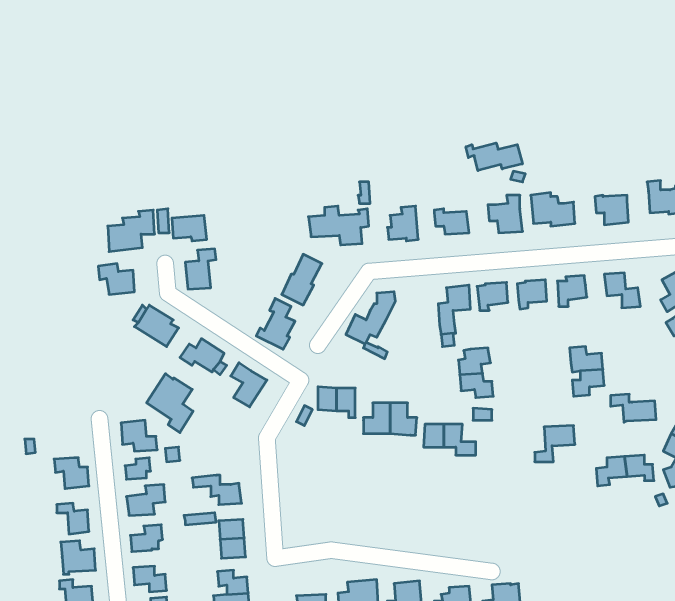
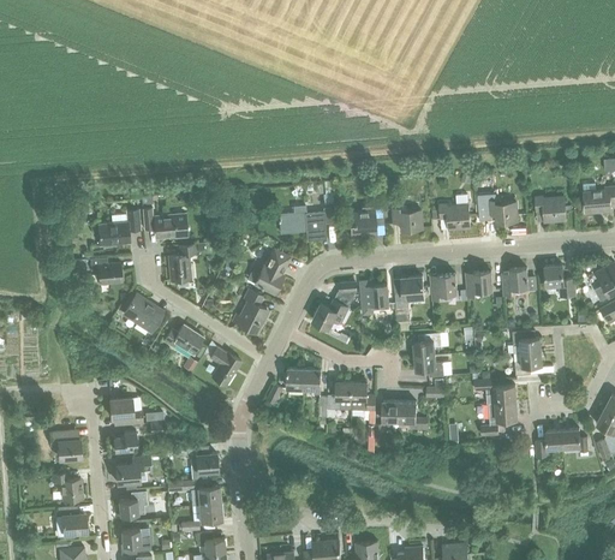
building: [466,143,522,171] -> none
building: none -> [359,280,388,314]
building: [147,374,193,433] -> none
building: [611,394,656,422] -> [474,379,515,404]

